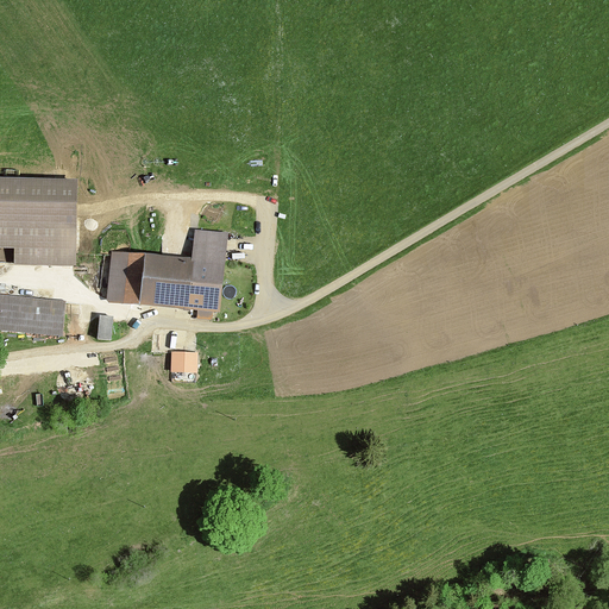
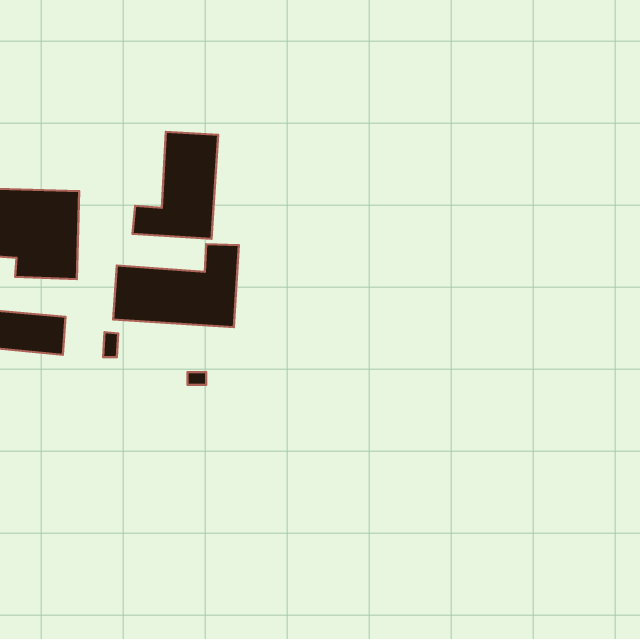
building: none -> [133,132,218,239]

